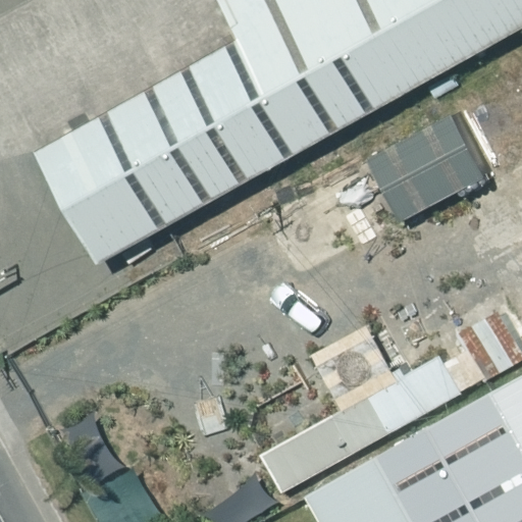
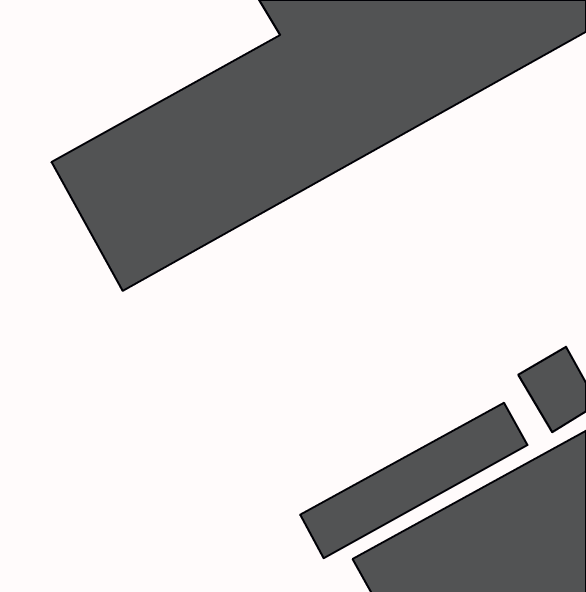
building: [371,112,487,218] -> none

